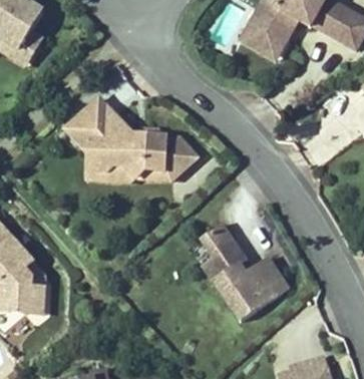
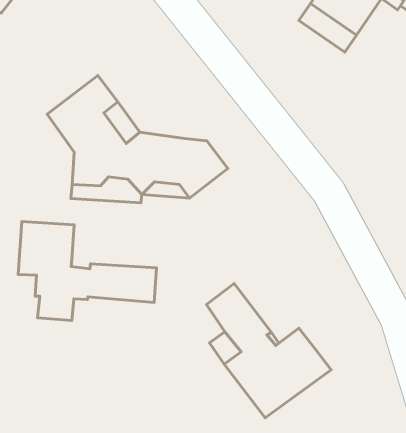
building: none -> [18,222,157,321]

